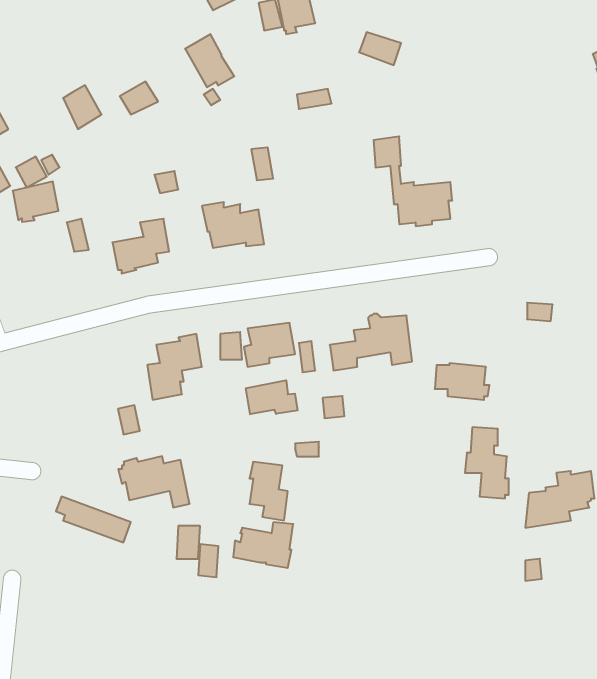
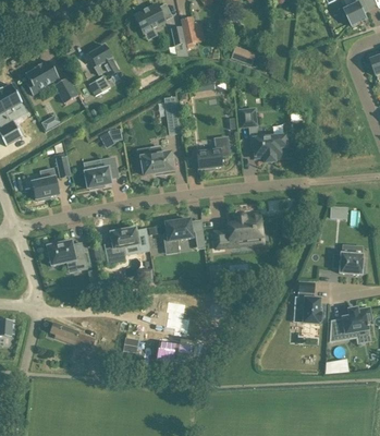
building: [185,34,234,87] -> [89,45,119,76]
building: none -> [25,60,60,96]
building: [13,182,58,222] -> [32,177,59,201]
building: none -> [196,137,230,171]
building: [435,363,490,400] -> [332,253,365,275]
building: [246,380,298,414] -> none
building: [118,456,190,507] -> [45,240,87,270]

